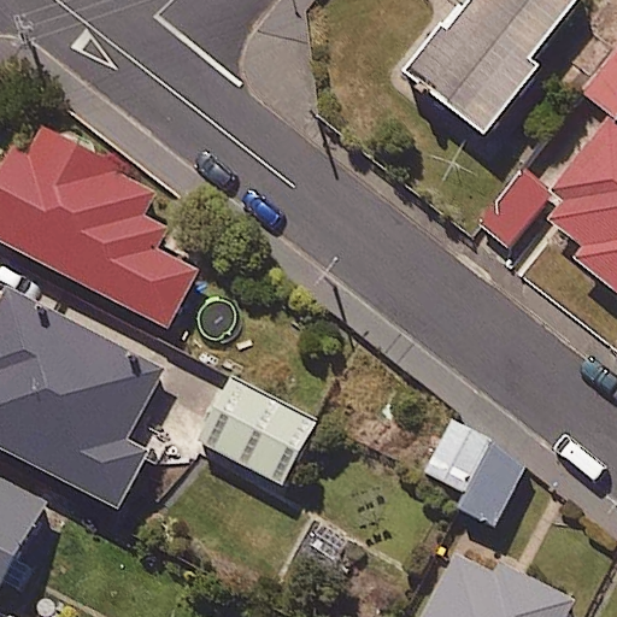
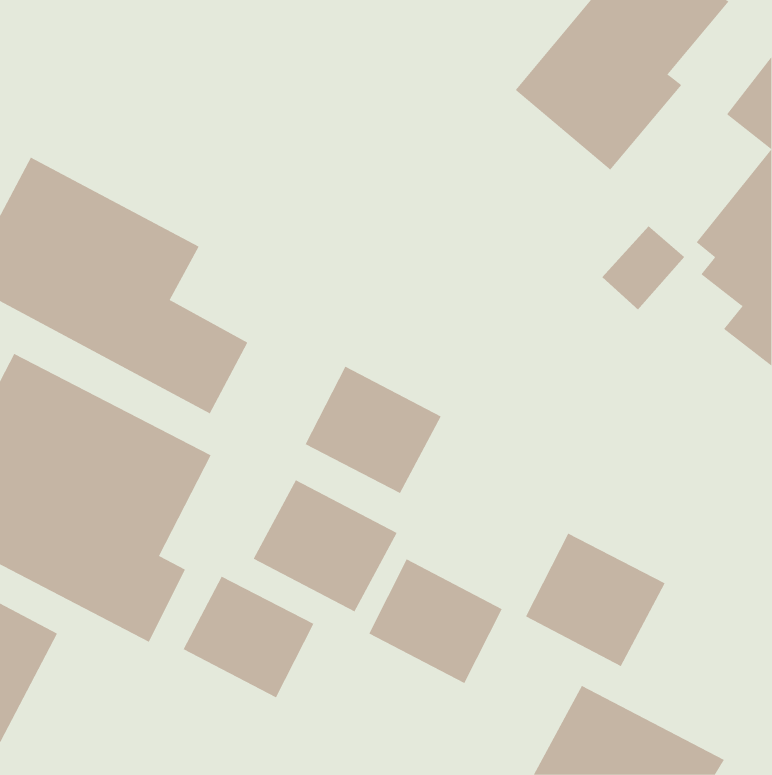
building: none -> [305,366,441,494]
building: none -> [368,559,502,684]
building: none -> [183,576,314,698]

